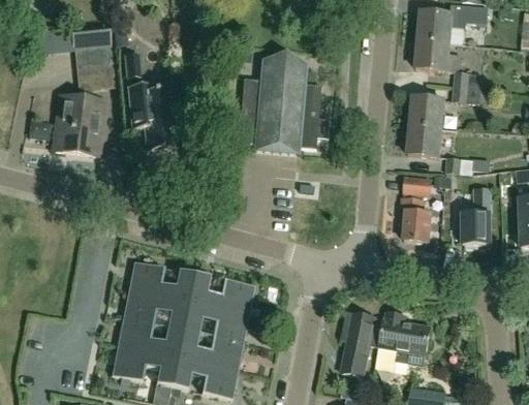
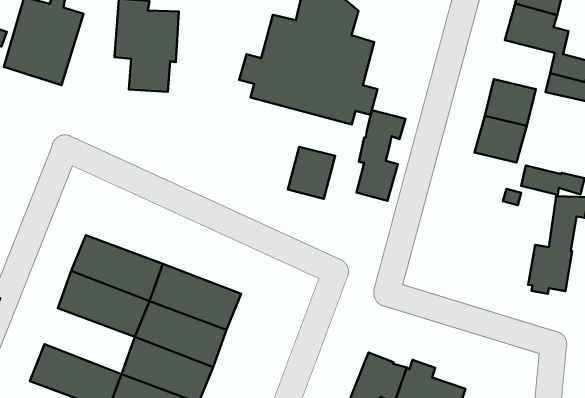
building: none -> [288,147,335,199]
building: [402,178,431,242] -> [356,110,406,201]
building: [117,319,182,360] -> none

